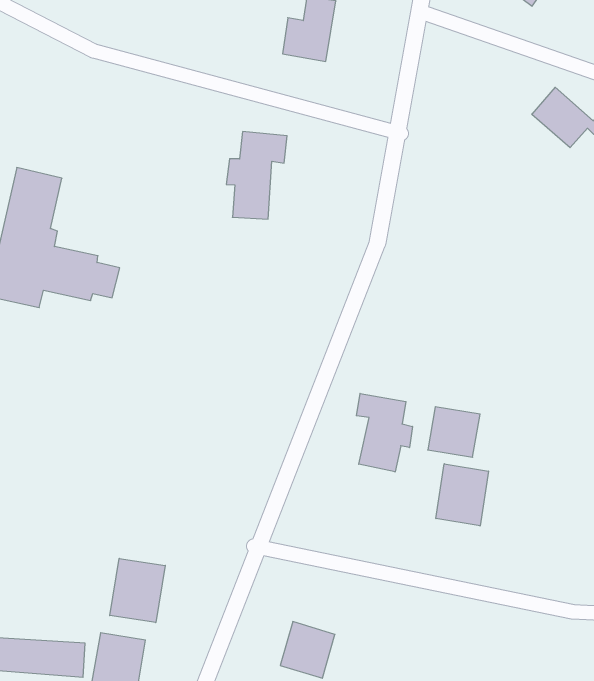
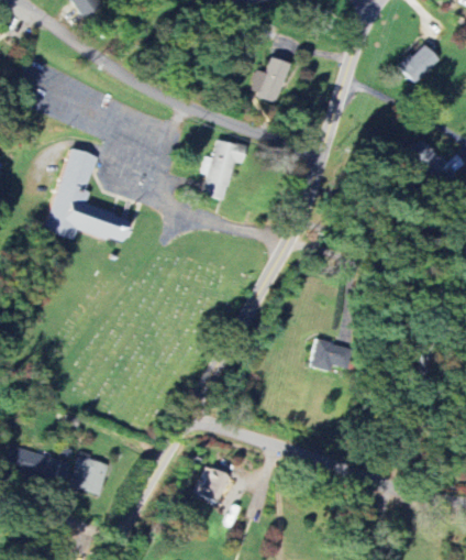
building: [356,393,412,472] -> none
building: [436,464,488,526] -> none
building: [110,558,165,623] -> none

